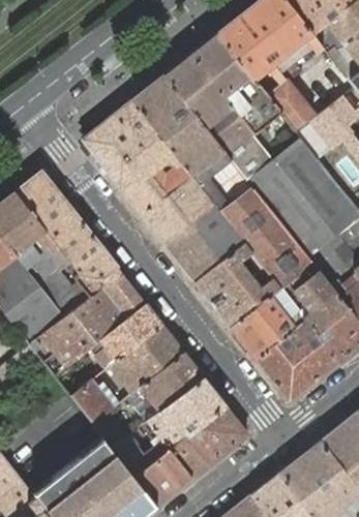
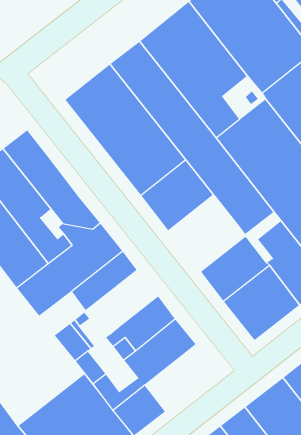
building: [195,243,279,327] -> none
building: [110,325,184,394] -> none
building: [170,405,248,479] -> none

